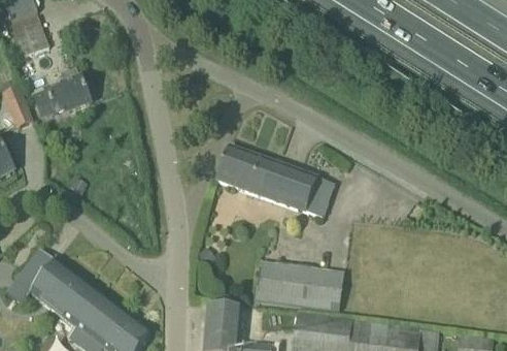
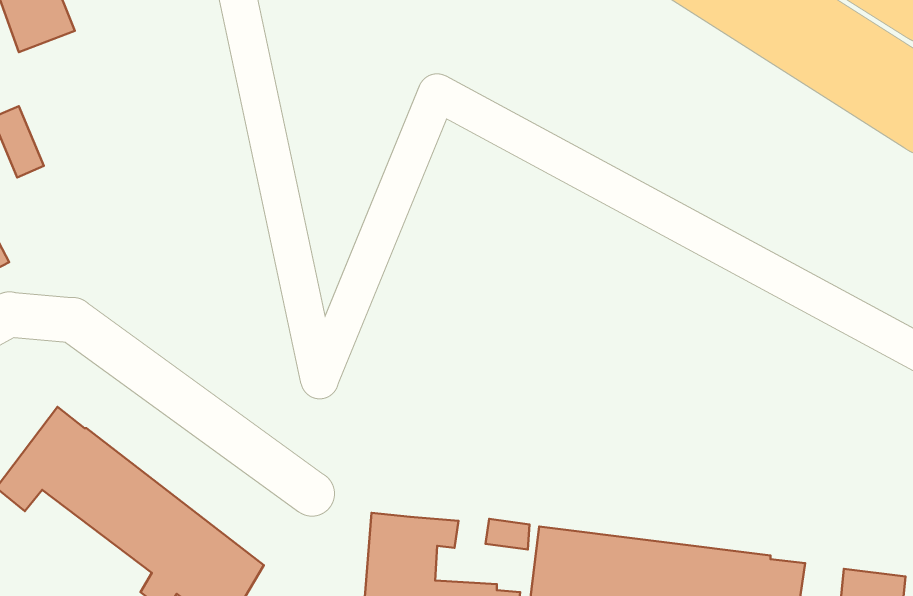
building: [35,67,89,115] -> none
building: [214,145,333,217] -> none
building: [255,261,342,310] -> none

